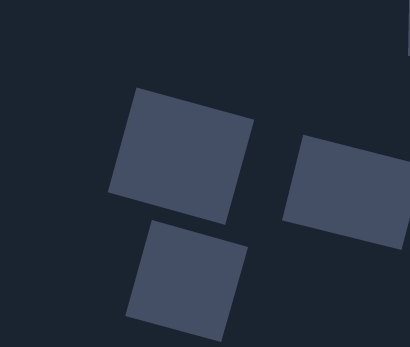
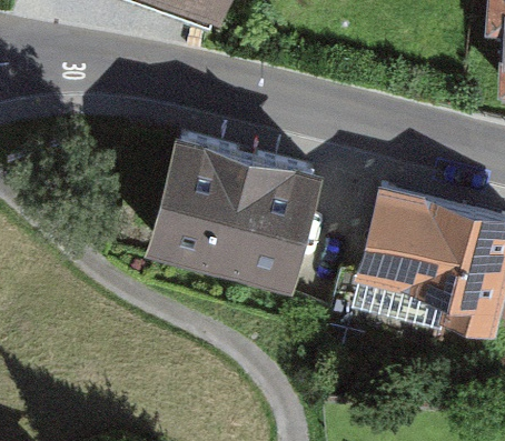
building: [125,219,249,343] -> none

